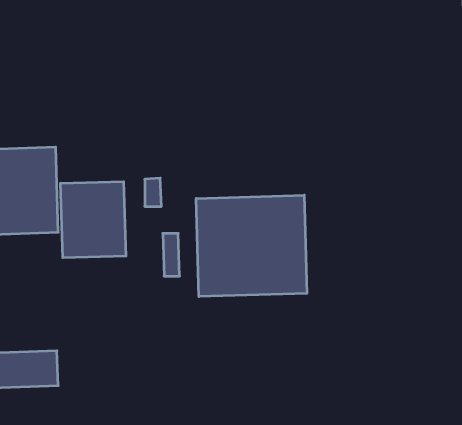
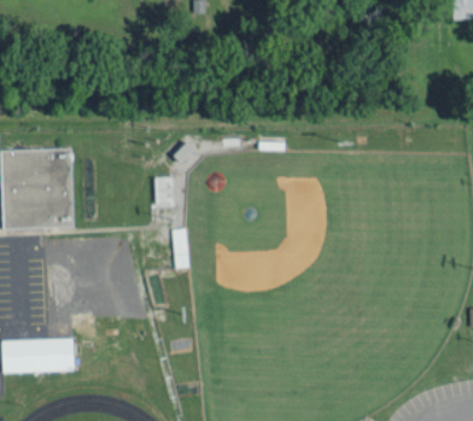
building: [60,182,126,258] -> none
building: [196,195,307,297] -> none

